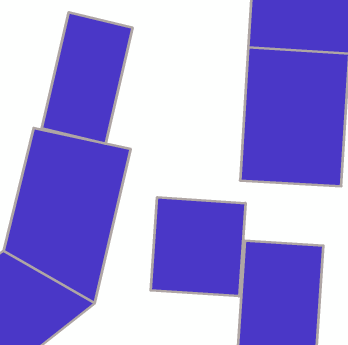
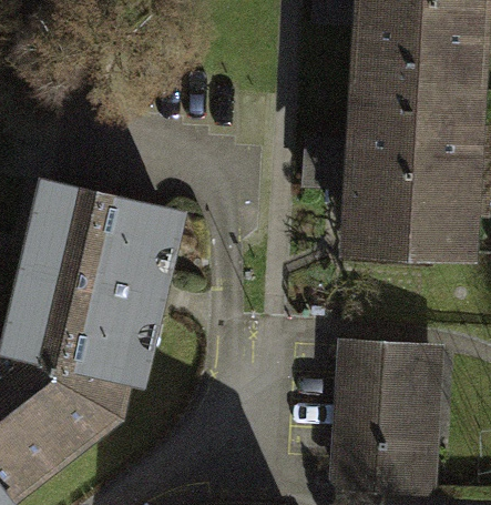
building: [42,12,132,144] -> none
building: [151,197,245,296] -> none

